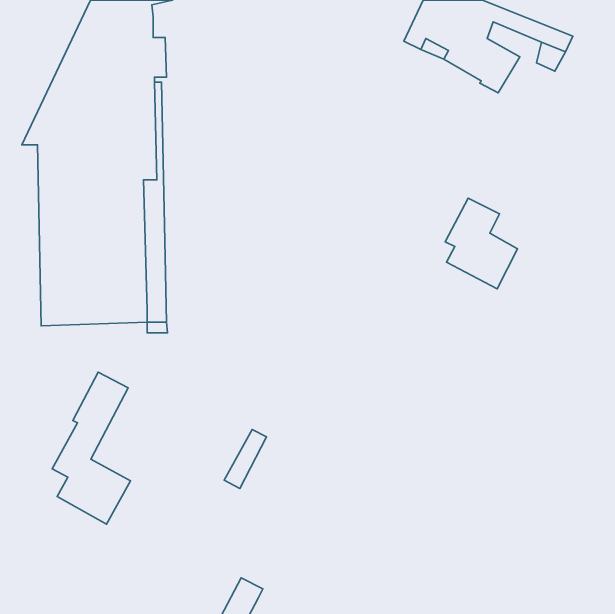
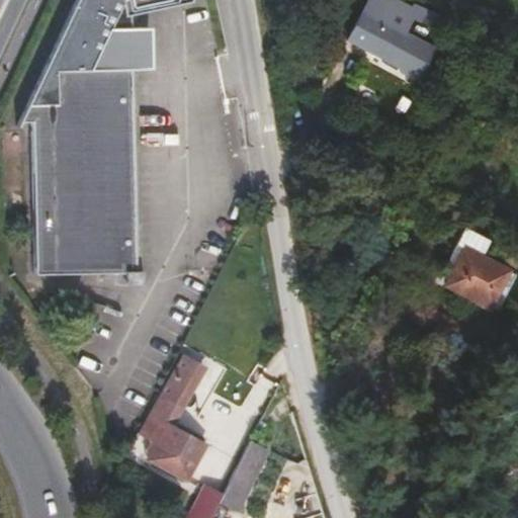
building: [445,198,518,289] -> [447,232,508,308]
building: [52,372,131,524] -> [140,355,205,483]
building: none -> [218,441,267,513]

